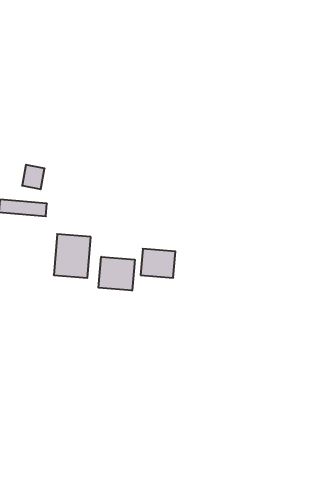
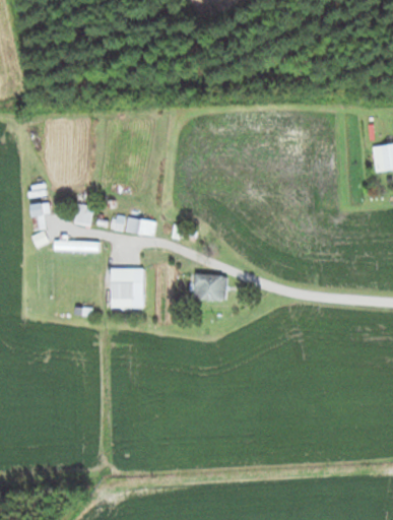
building: none -> [124,216,155,237]
building: [99,257,135,291] -> none

